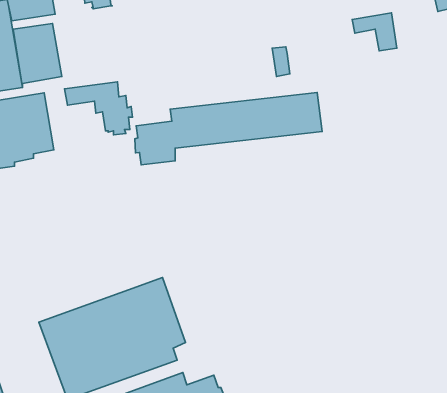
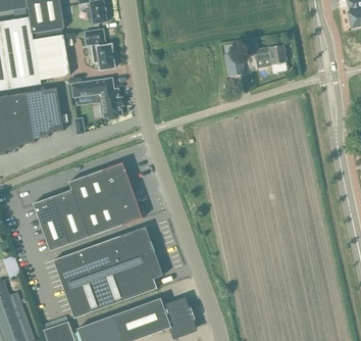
building: [352,13,397,51] -> [254,44,288,72]
building: none -> [85,29,115,69]
building: [135,92,322,165] -> none
building: none -> [33,161,143,251]

